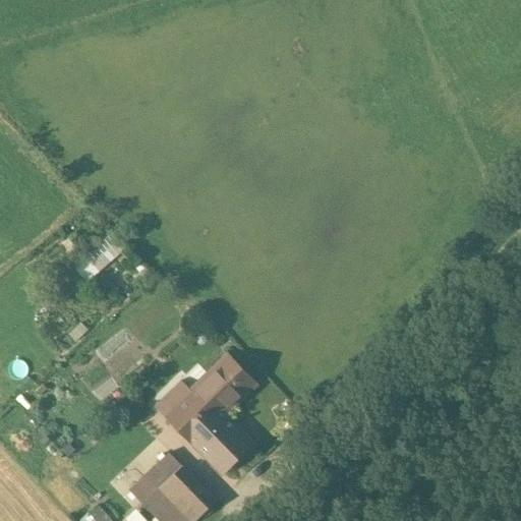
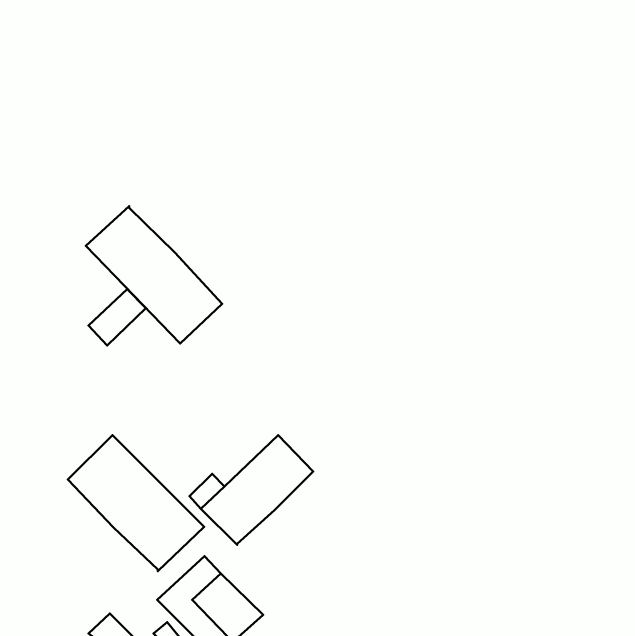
building: none -> [86,206,222,343]
building: none -> [68,435,204,571]
building: [193,417,250,473] -> none

